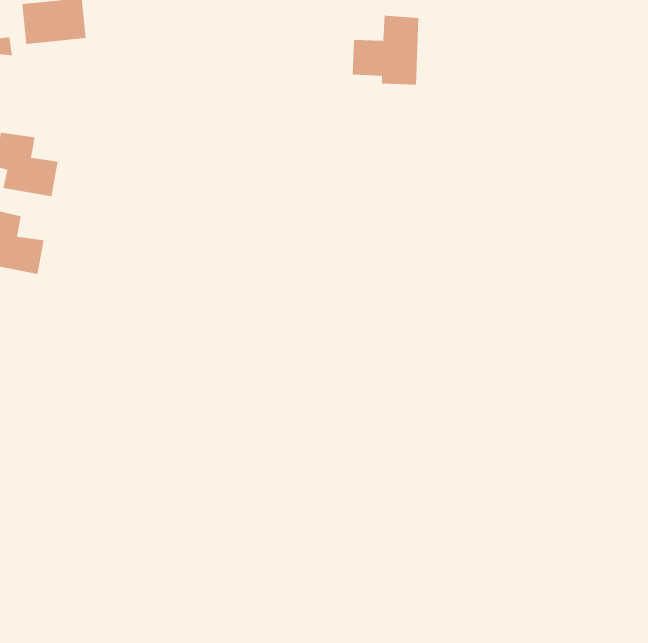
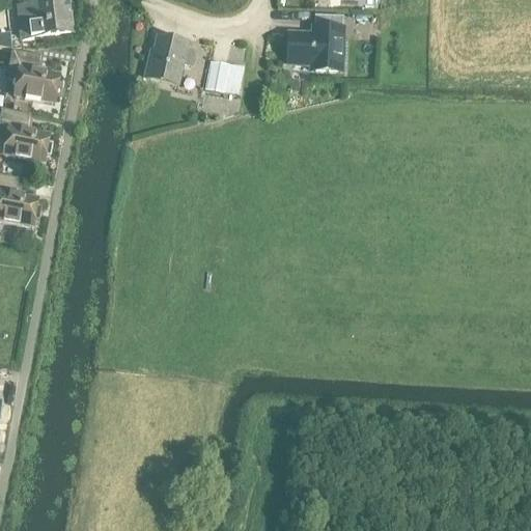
building: none -> [144,33,194,83]
building: none -> [5,48,58,101]
building: none -> [205,60,242,91]

